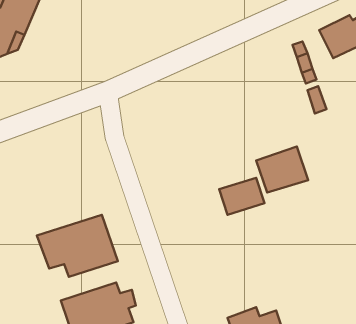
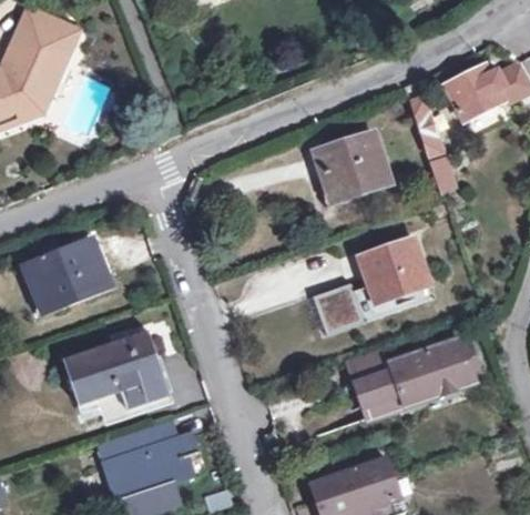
building: none -> [316,132,388,209]
building: none -> [26,242,106,307]
building: none -> [348,342,475,420]

